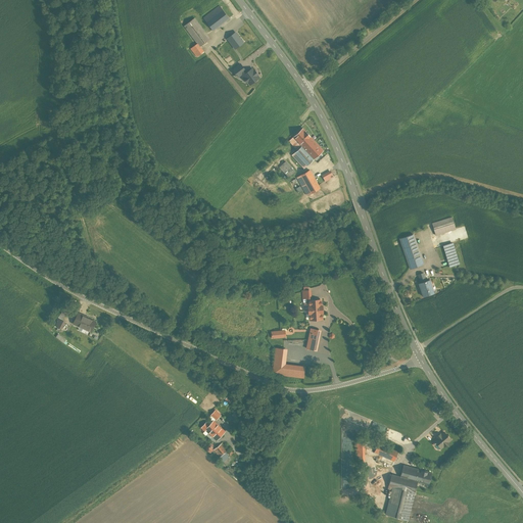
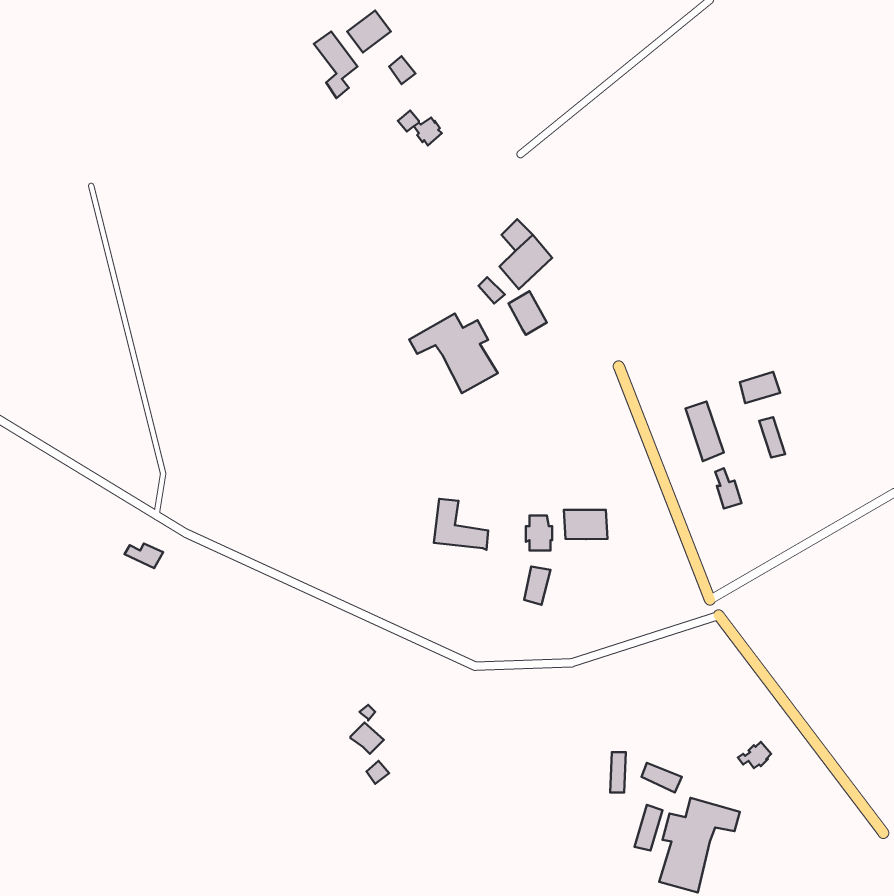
building: none -> [409,314,498,393]
building: none -> [564,510,607,539]
building: [272,348,303,378] -> [434,499,488,550]

